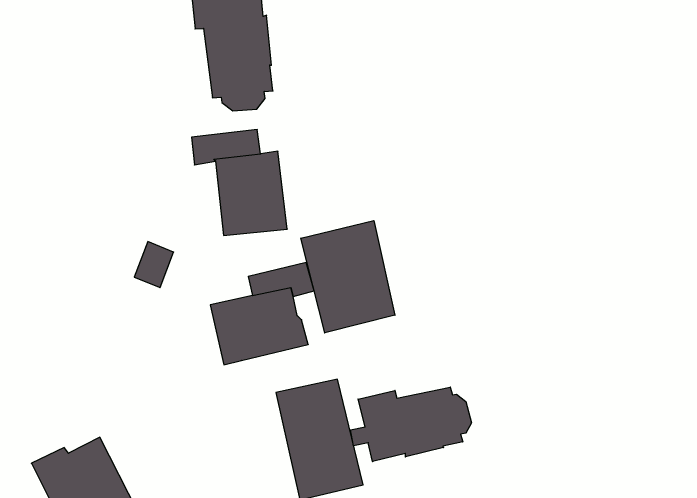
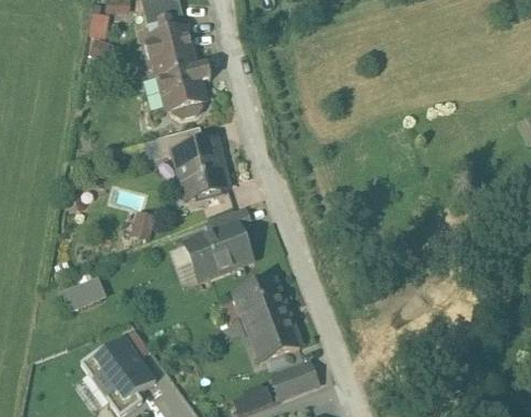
building: [301,221,395,333] -> none
building: none -> [61,277,105,311]
building: [351,387,471,462] -> none

